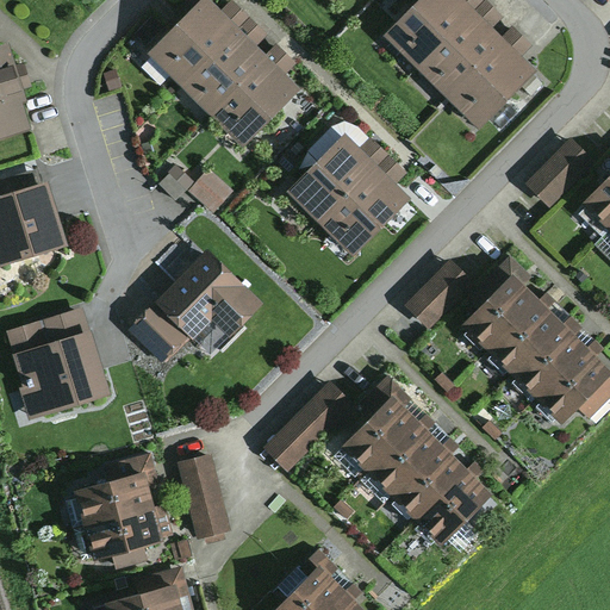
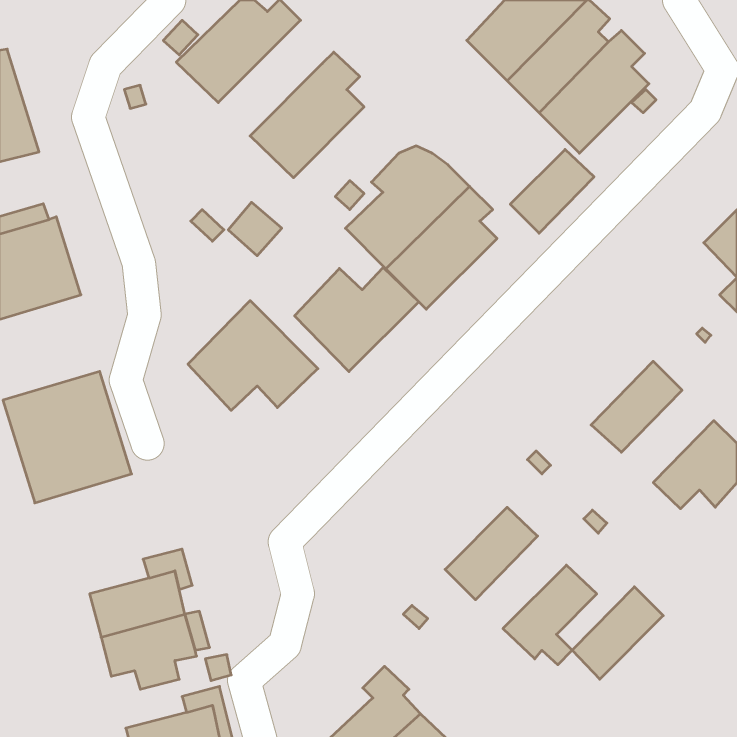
building: [180,18,266,113] -> none
building: [524,138,593,207] -> [510,149,594,233]
building: none -> [295,268,419,372]
building: [460,256,539,351] -> none
building: [405,260,473,329] -> none
building: [129,301,191,365] -> none
building: [512,323,589,399] -> none
building: [341,375,418,471] -> none
building: [263,382,353,472] -> none
building: [392,443,467,519] -> [572,587,663,679]
building: [178,454,229,546] -> none

